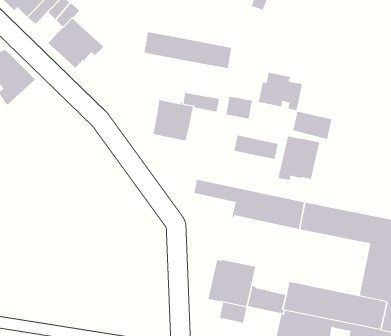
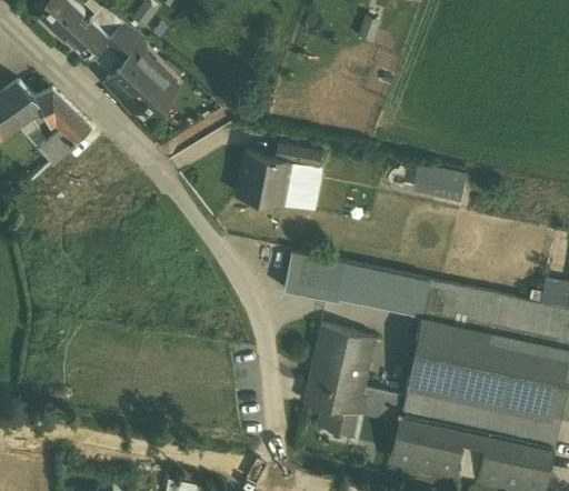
building: [144,32,232,69] -> none
building: [258,72,303,111] -> none
building: [225,96,253,119] -> [283,164,318,193]
building: [233,135,279,160] -> [283,272,340,303]
building: [278,135,320,181] -> none
building: none -> [408,318,509,401]
building: none -> [315,327,372,364]

